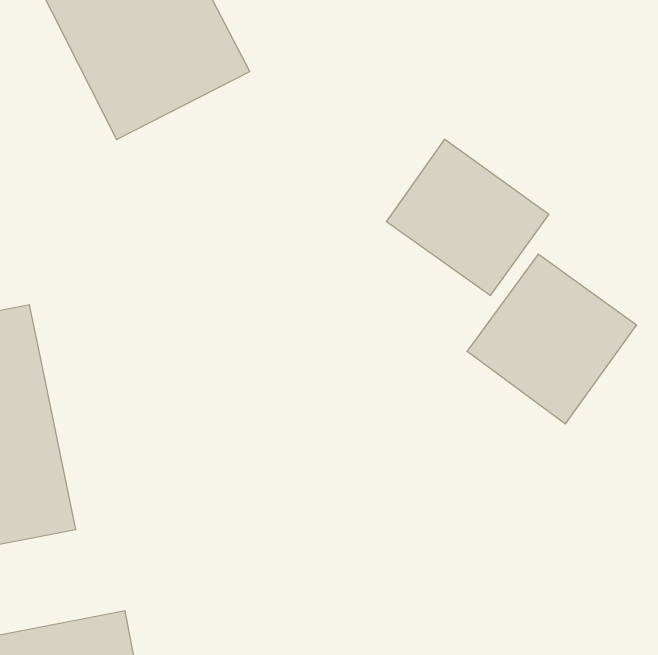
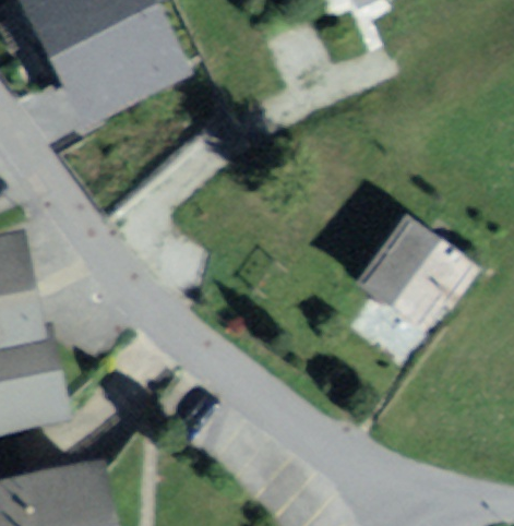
building: [387,139,549,296] -> none

